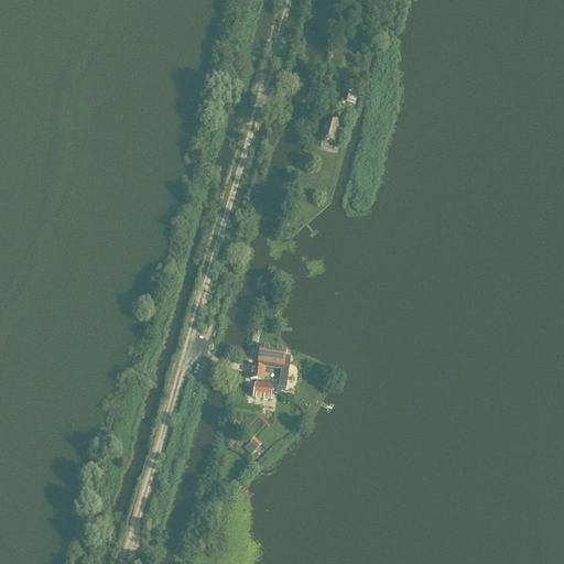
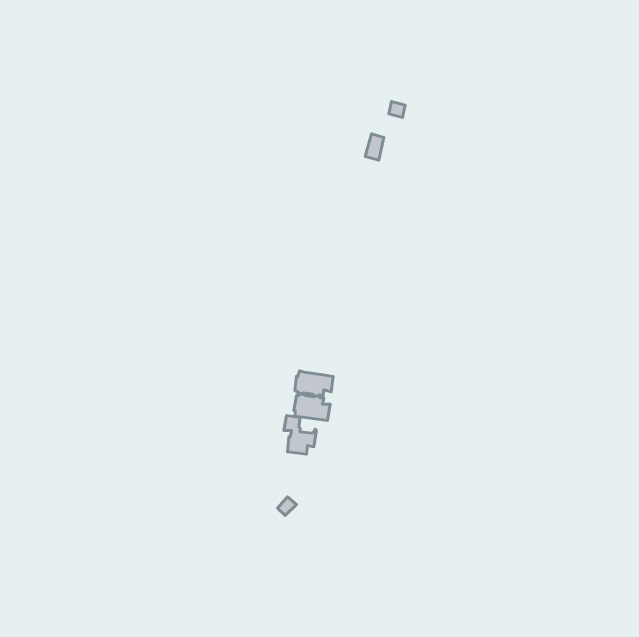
building: none -> [295,371,333,396]

